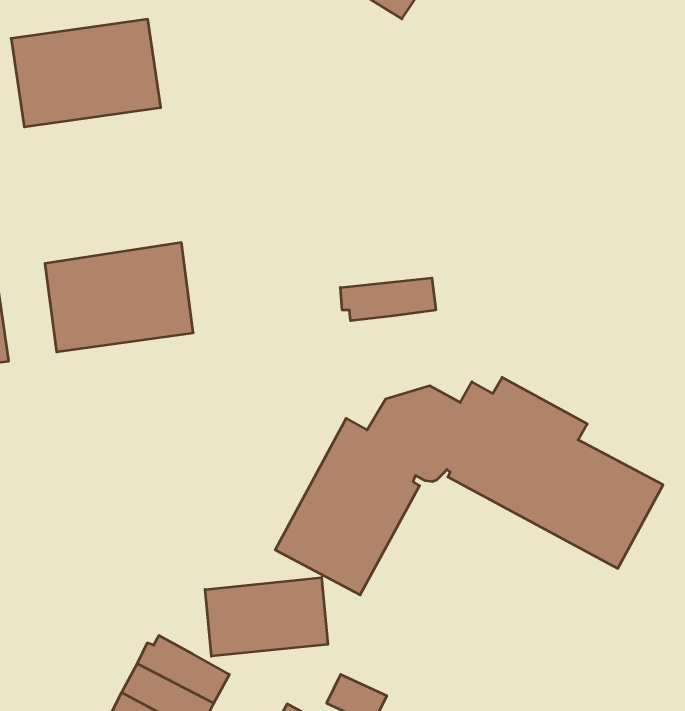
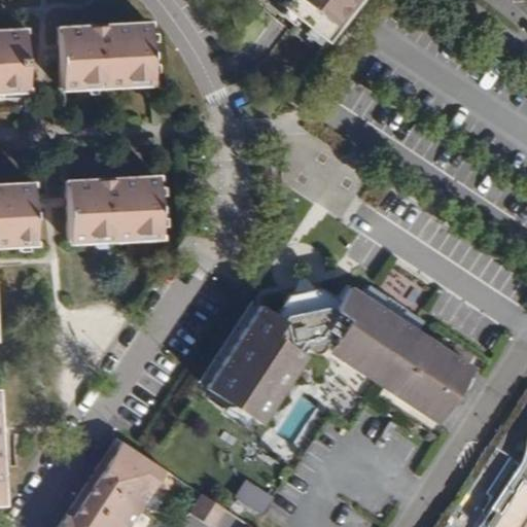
building: [340,278,436,321] -> none
building: [205,577,328,656] -> none

